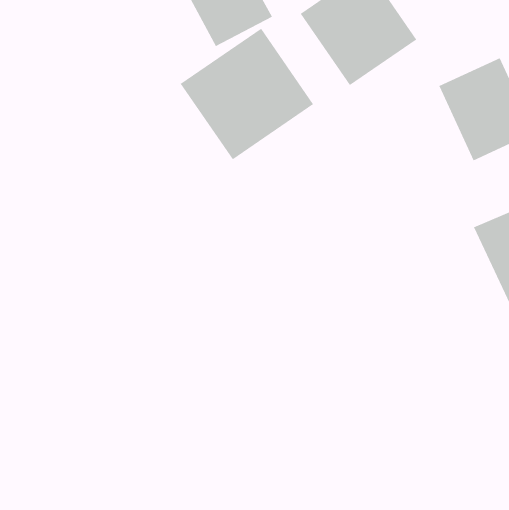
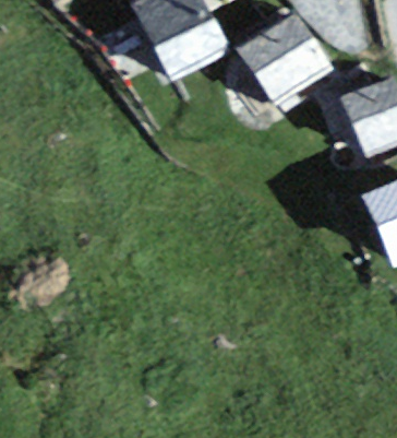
building: [180,28,314,160] -> none

